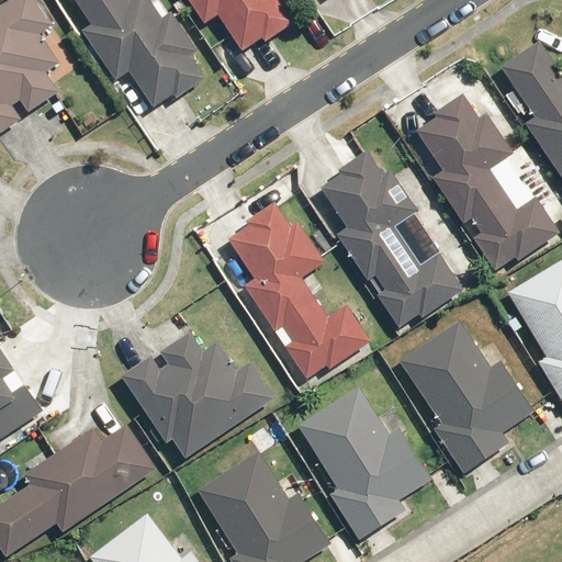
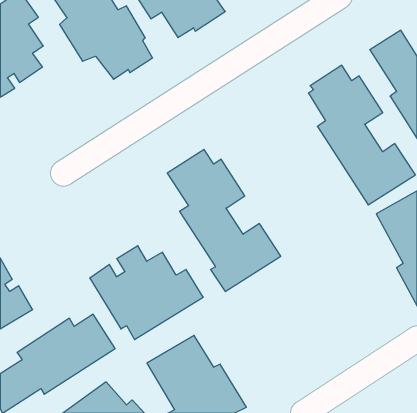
building: [315,153,464,335] -> none
building: [397,318,535,475] -> none
building: [295,387,430,539] -> none

